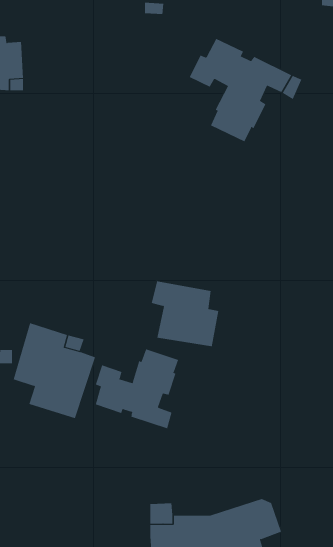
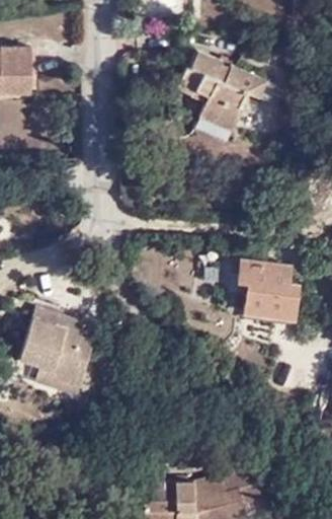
building: [151,281,219,347] -> [238,258,300,318]
building: [95,348,179,429] -> none

